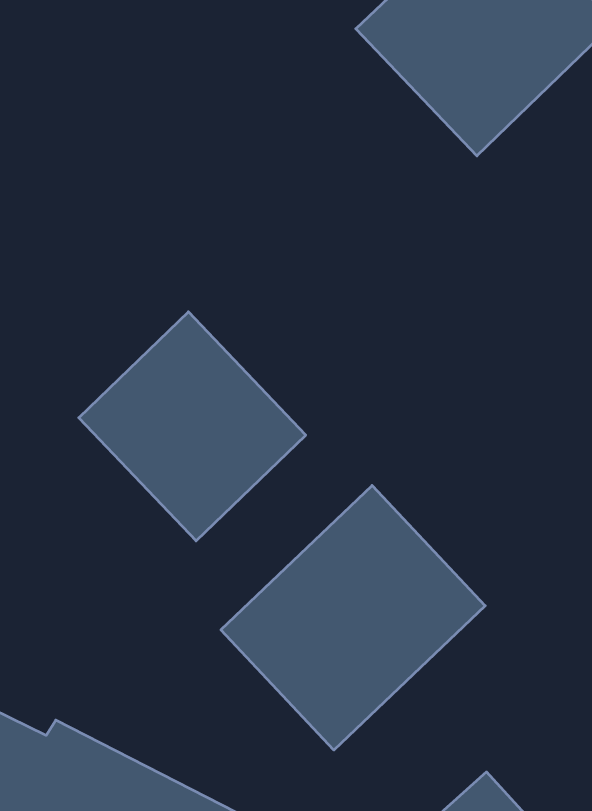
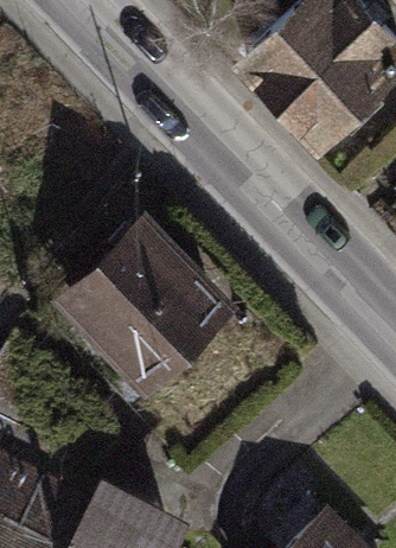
building: [221,485,485,750] -> none

